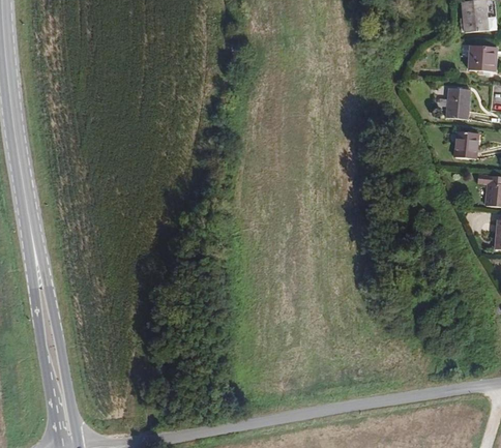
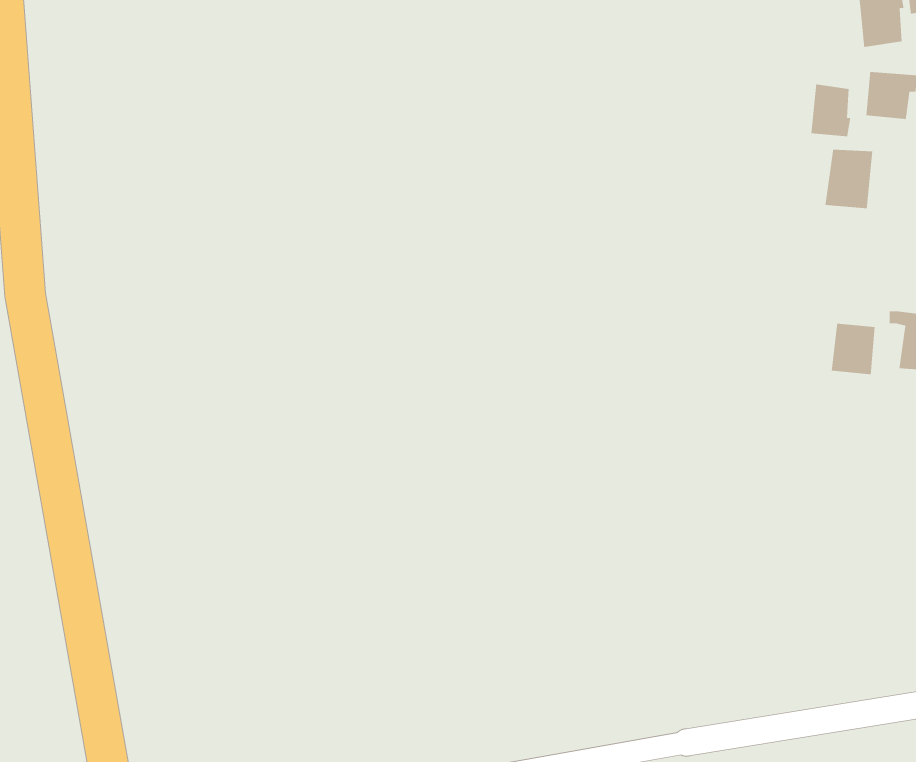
building: none -> [811,84,851,137]
building: [453,130,477,158] -> [831,323,875,375]

